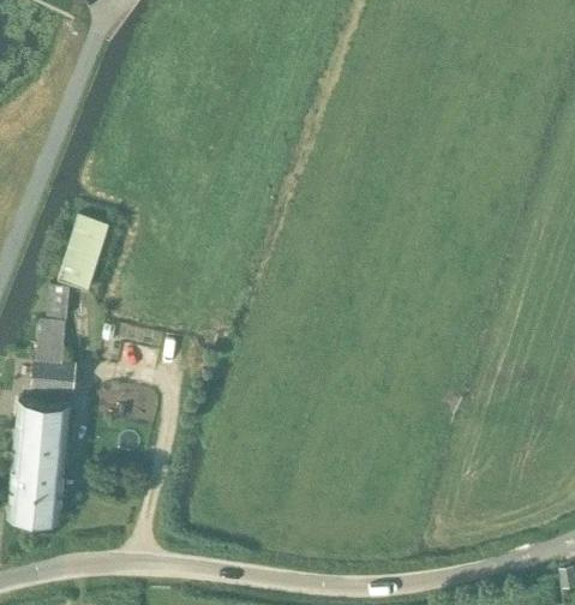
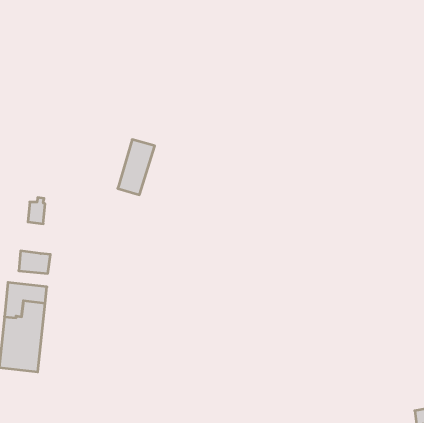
building: [59,217,108,290] -> [118,140,155,195]
building: [36,321,66,364] -> none

